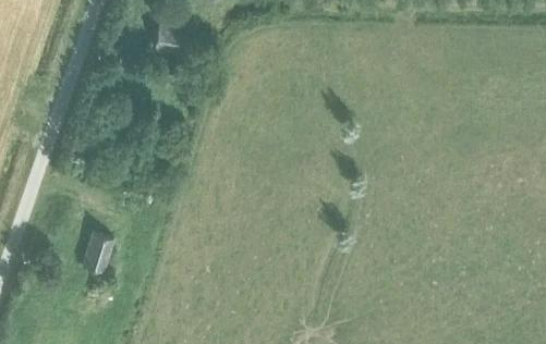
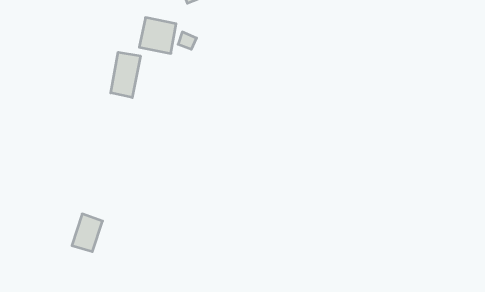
building: none -> [111,52,140,98]

